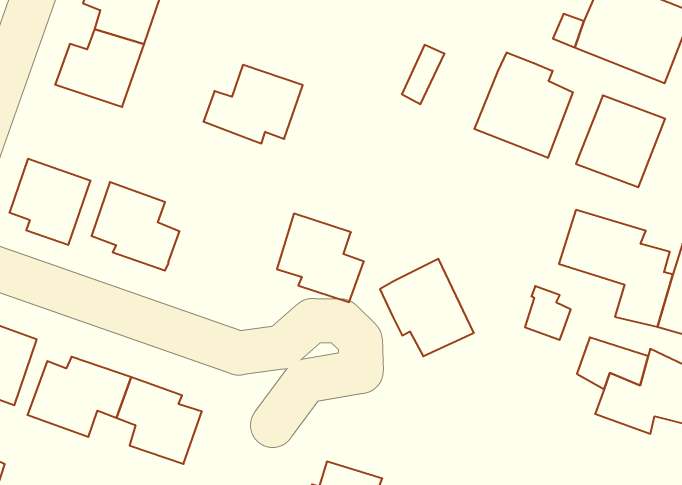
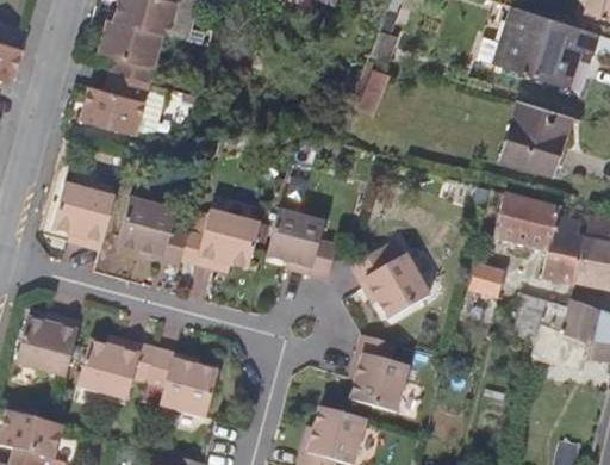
building: [474,52,573,158] -> none
building: [203,65,303,143] -> [181,209,259,271]
building: none -> [350,335,409,410]

